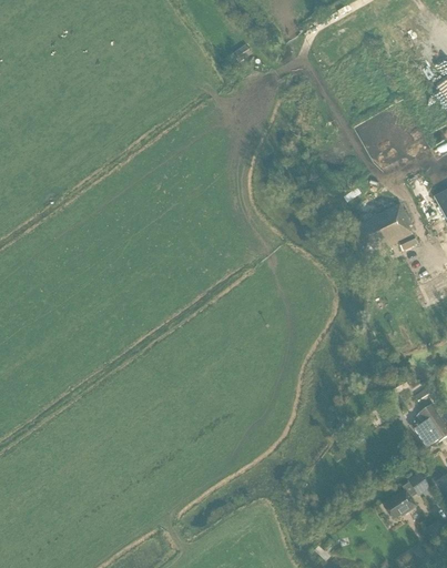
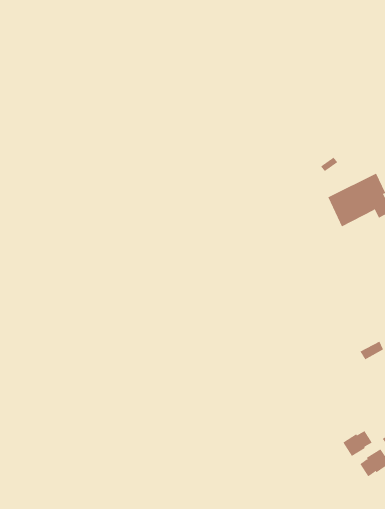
building: none -> [342,430,372,457]

